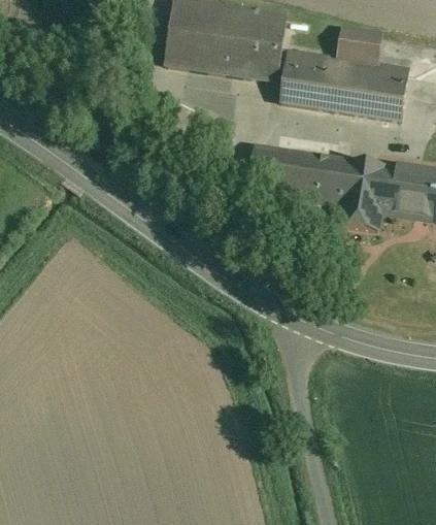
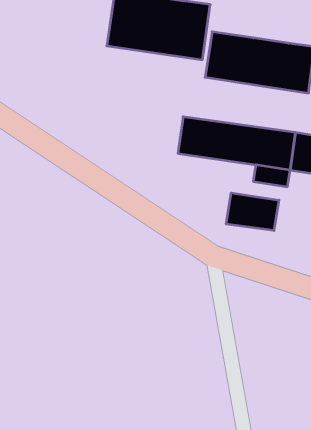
building: [336,29,381,61] -> none
building: none -> [226,193,279,231]

